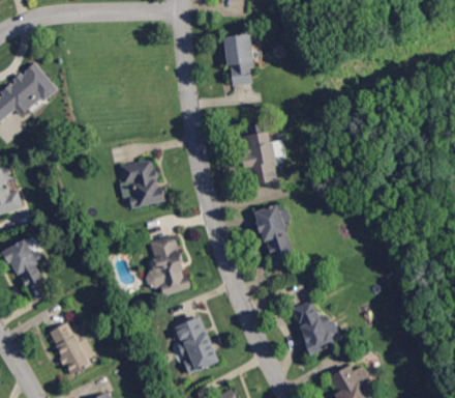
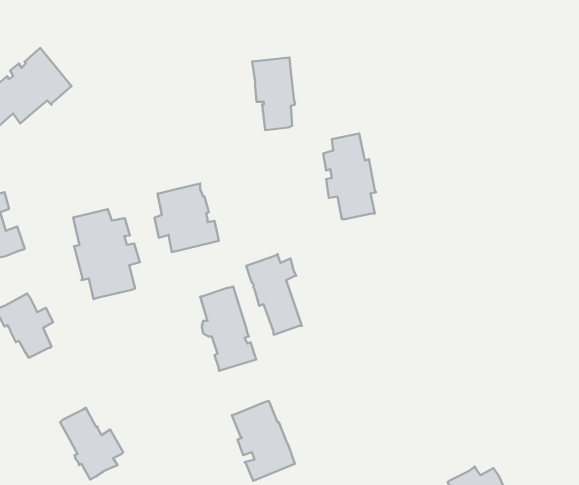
building: [223,33,254,86] -> [252,57,295,130]
building: none -> [73,209,140,299]
building: [254,204,295,262] -> [246,254,302,334]
building: [291,301,334,357] -> none

